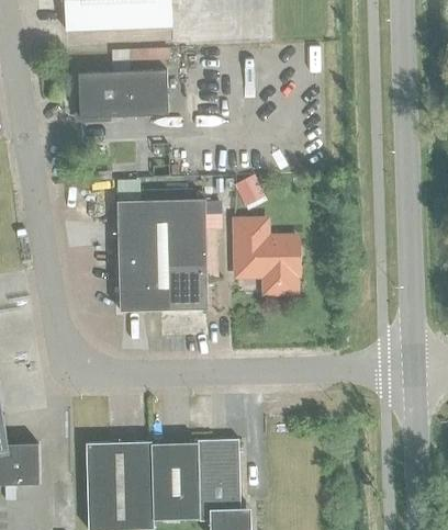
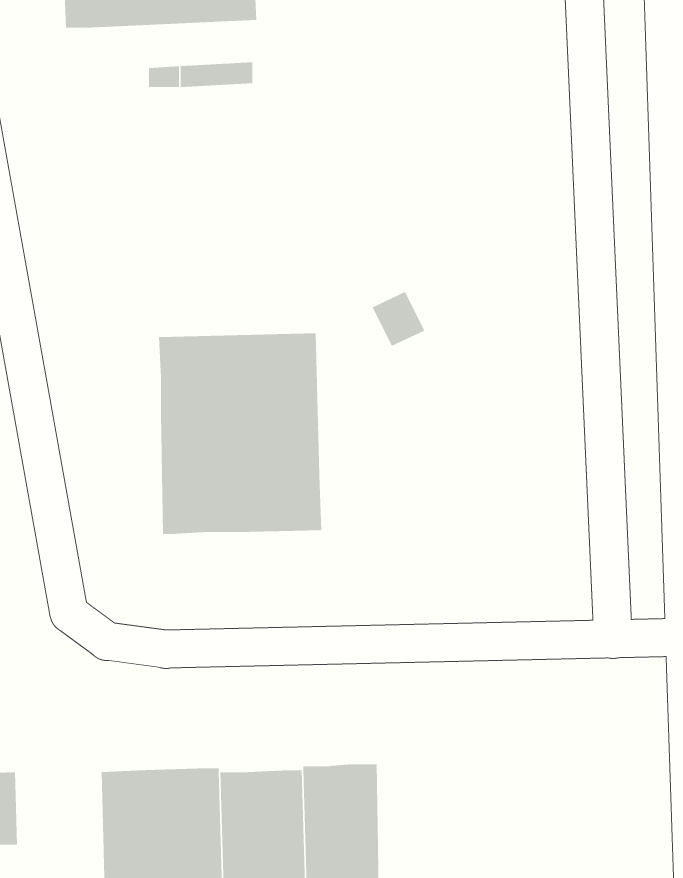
building: [79,69,169,117] -> none
building: [236,219,299,292] -> none

